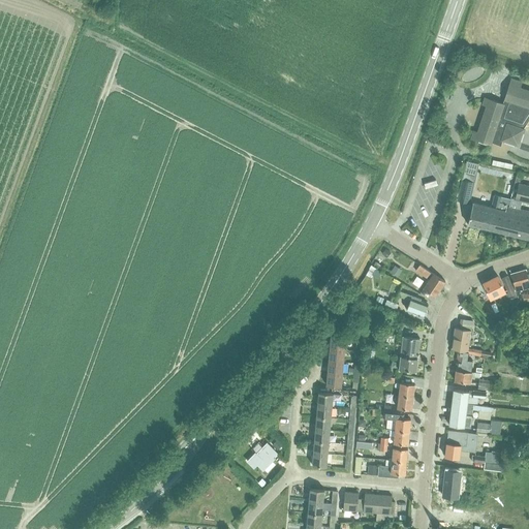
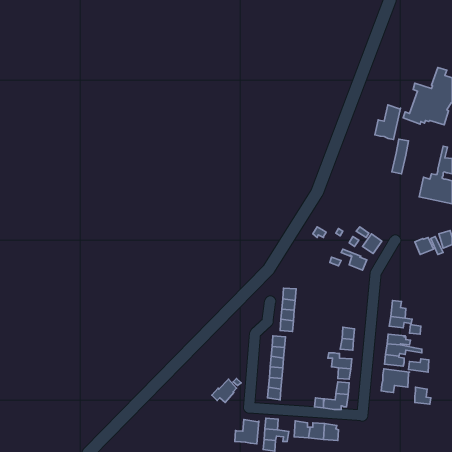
building: none -> [375,105,400,139]
building: [467,195,510,230] -> none
building: [452,319,481,356] -> none
building: [399,337,419,372] -> none
building: [442,468,460,496] -> none
building: none -> [235,420,259,444]

